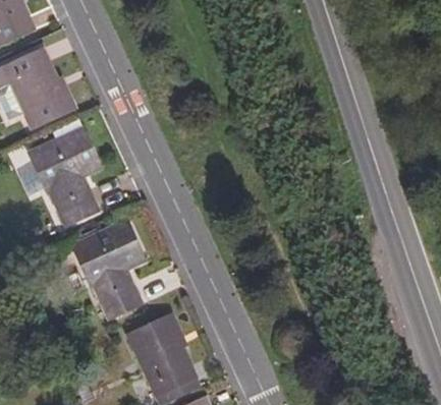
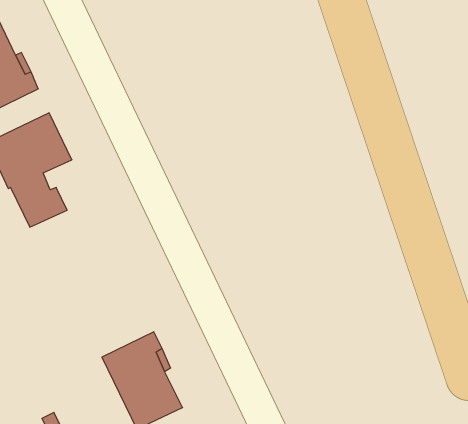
building: [72,221,145,319] -> none

